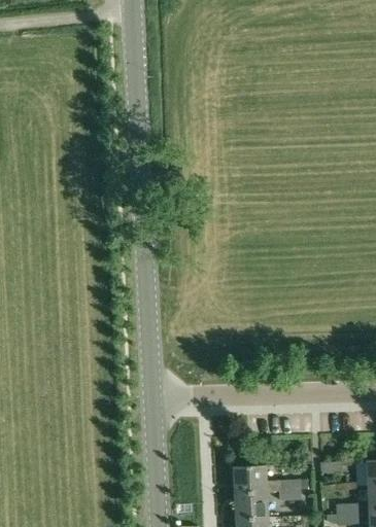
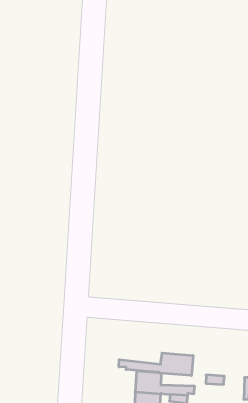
building: none -> [119,353,193,376]

